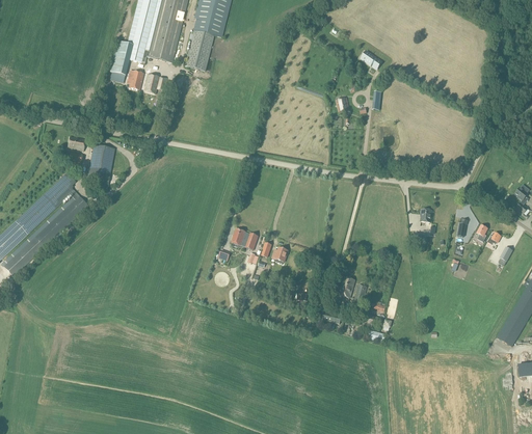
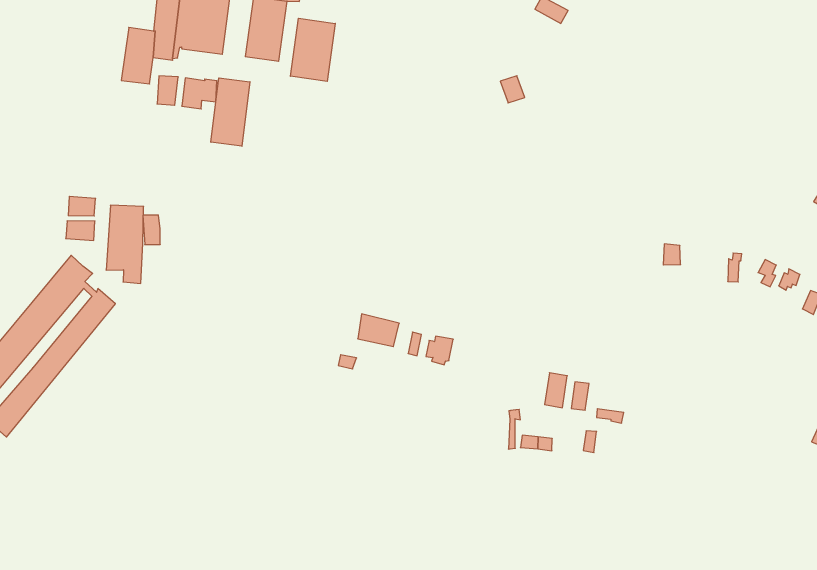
building: none -> [290,18,335,81]
building: none -> [211,78,250,146]

